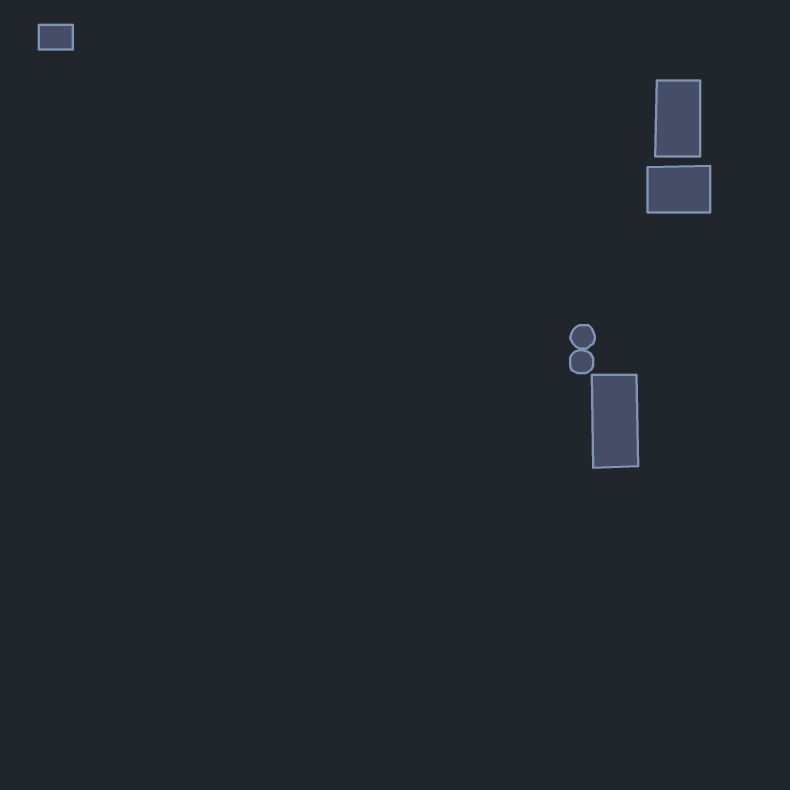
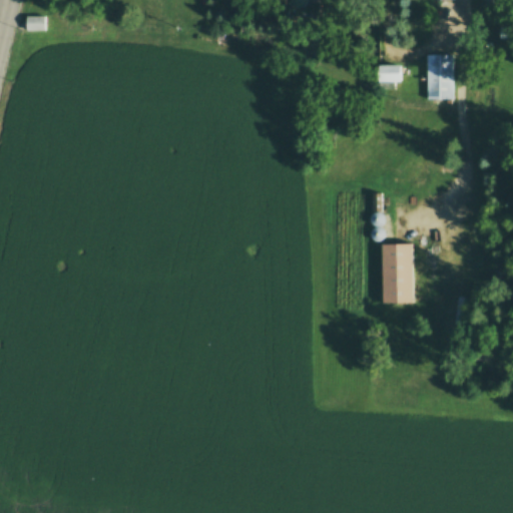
building: none -> [376,62,404,82]
building: [648,166,710,212] -> none

